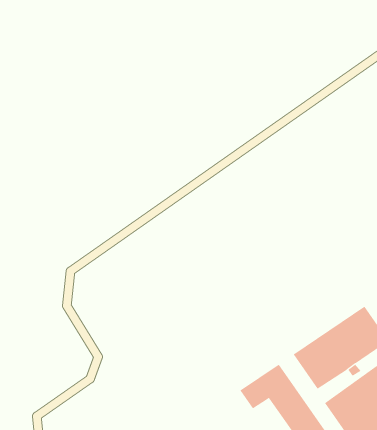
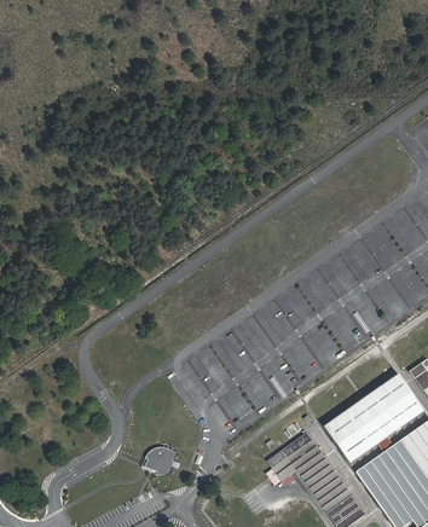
building: none -> [145,447,175,475]

